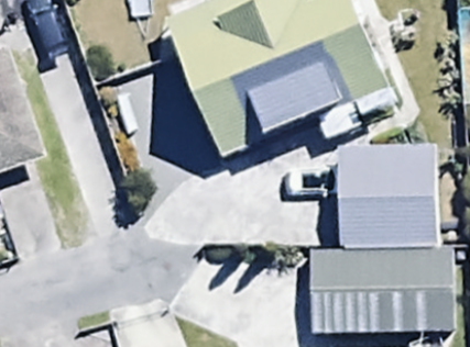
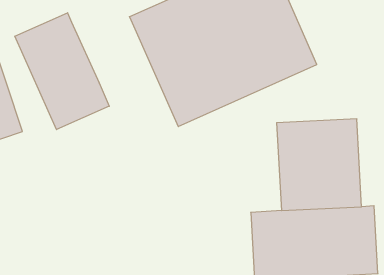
building: none -> [15,13,109,130]

